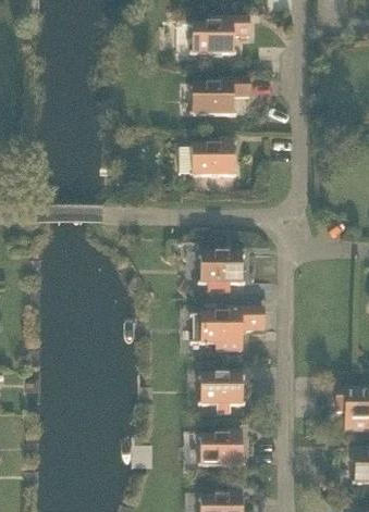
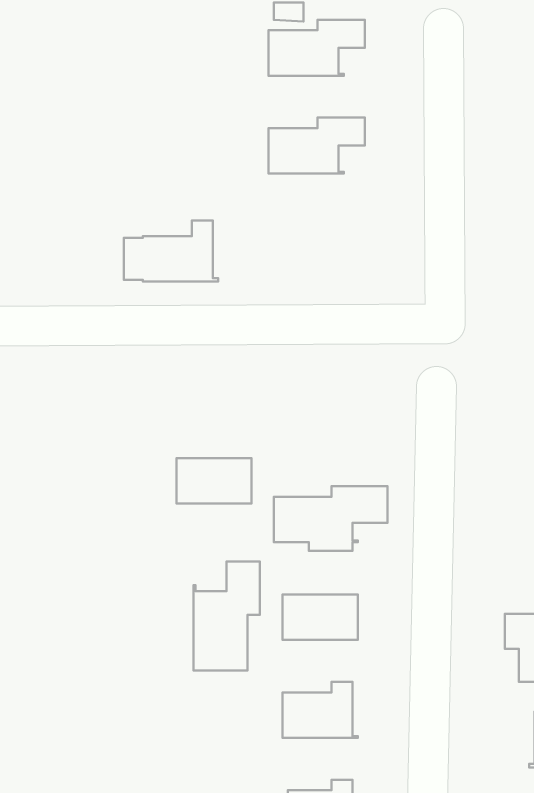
building: [177,136,236,174] -> [124,220,218,282]
building: [198,253,245,282] -> [176,458,252,504]
building: none -> [193,561,260,671]

